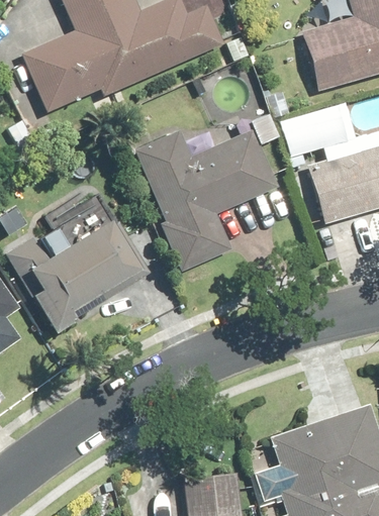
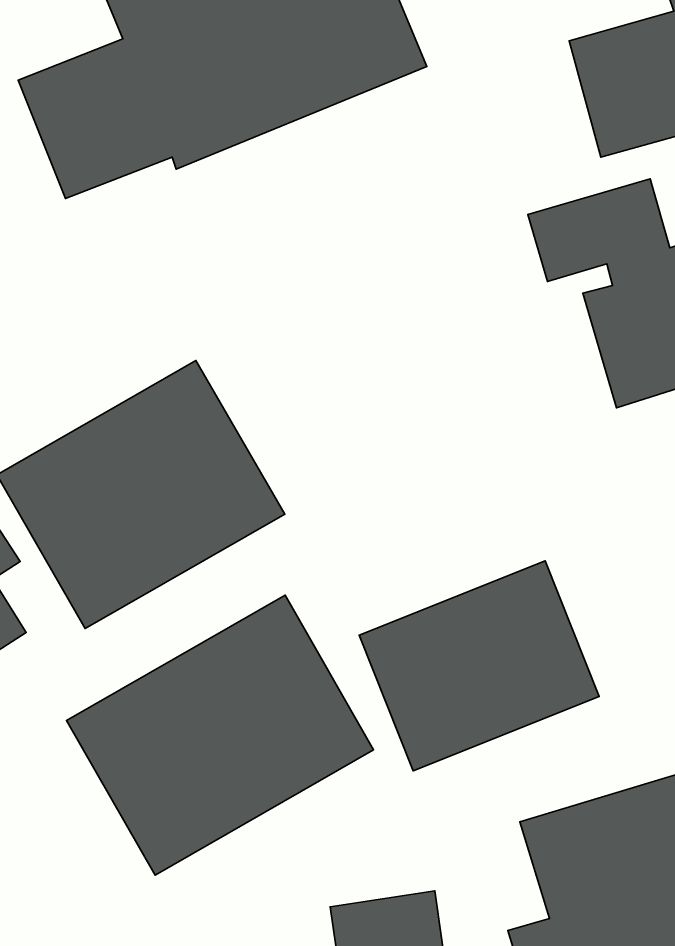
building: [129,130,279,273] -> none
building: none -> [359,561,599,771]
building: none -> [66,595,374,875]

